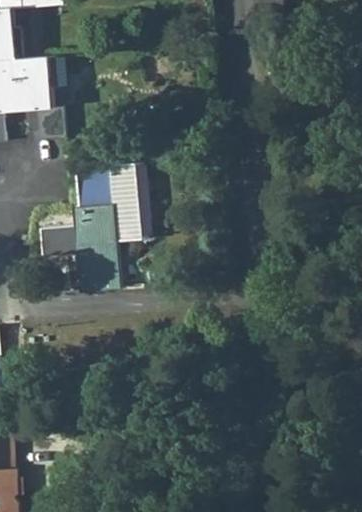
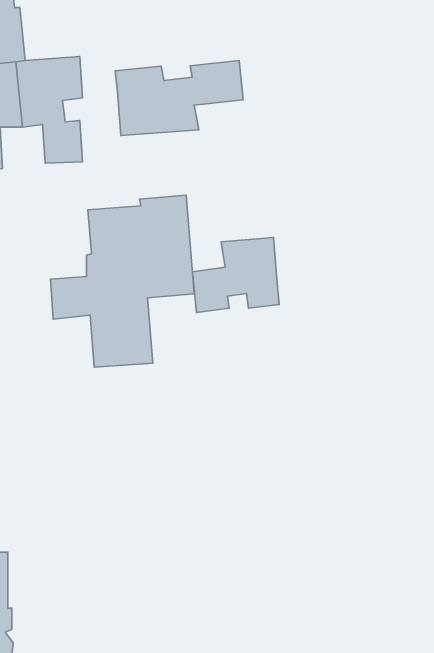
building: none -> [115,60,243,136]
building: none -> [192,238,279,313]

